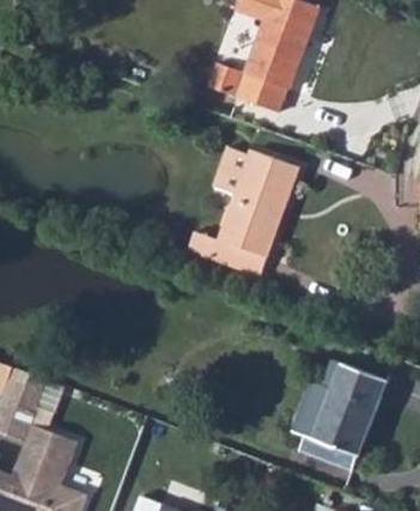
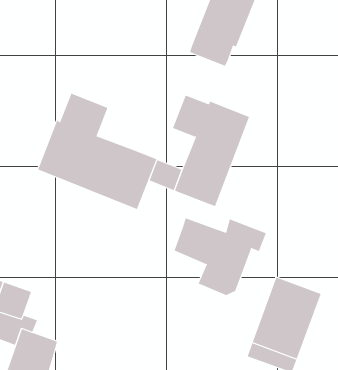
building: none -> [38,93,157,210]
building: none -> [174,218,267,296]

